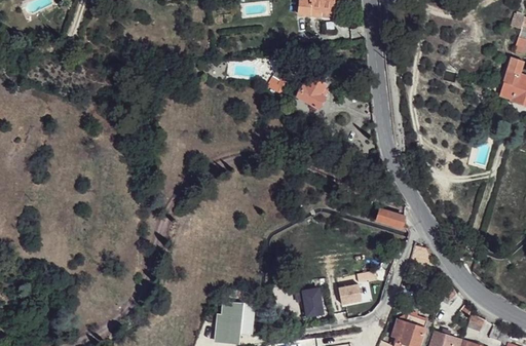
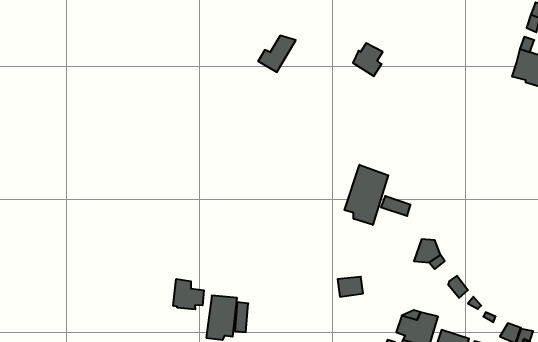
building: [297,77,325,108] -> [353,43,383,76]
building: none -> [344,165,388,225]
building: none -> [173,279,204,309]
building: [296,287,323,314] -> none

